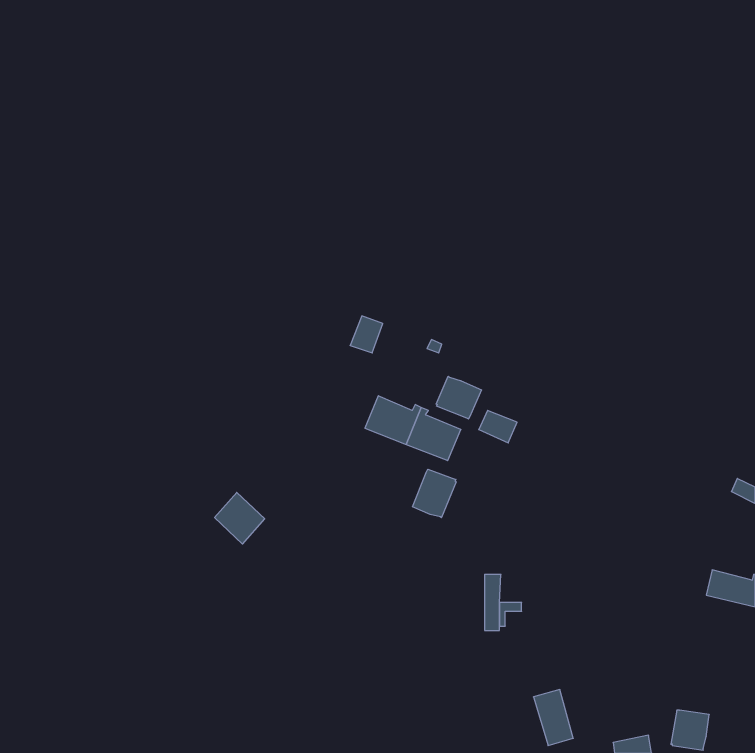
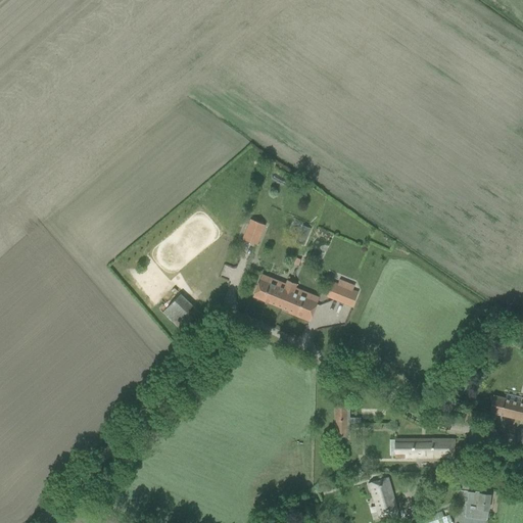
building: [436,376,481,419] -> none
building: [412,469,456,518] -> none
building: [215,492,265,544] -> [161,292,196,328]
building: none -> [394,438,454,458]

